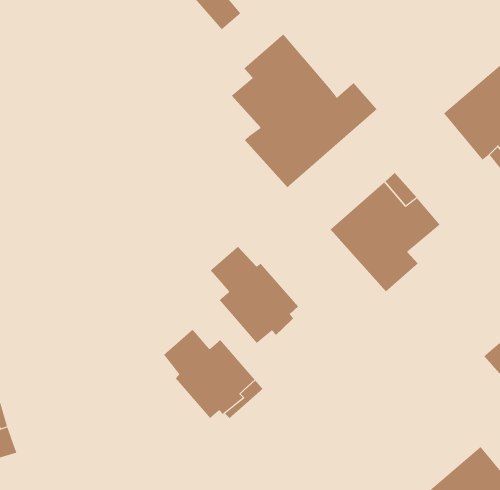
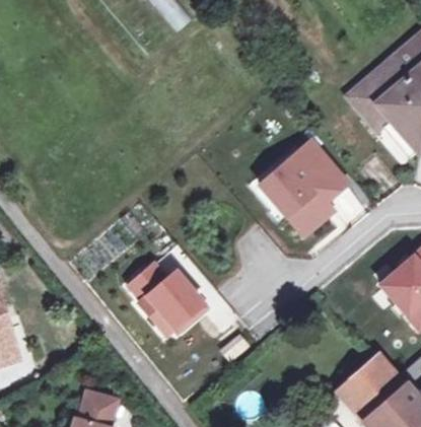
building: [231,33,377,188] -> none
building: [210,246,299,344] -> none

